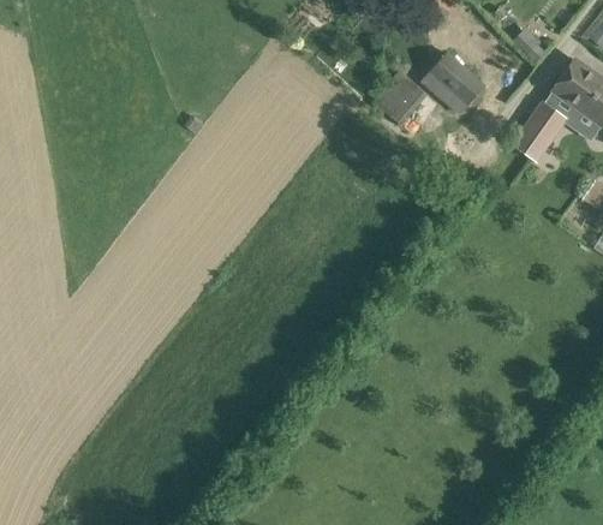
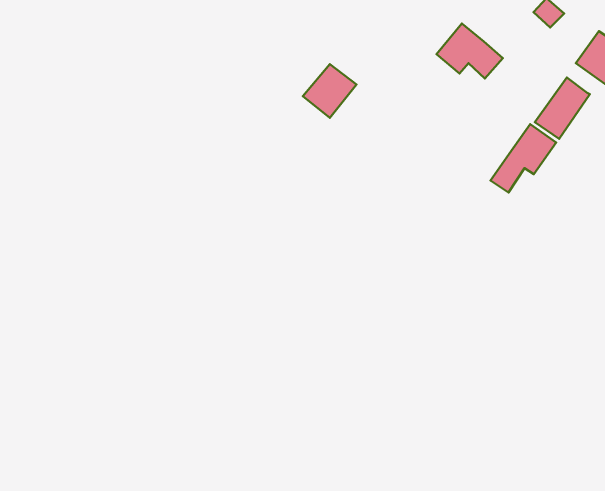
building: [374,73,424,124] -> [303,64,357,118]
building: none -> [490,124,556,192]

